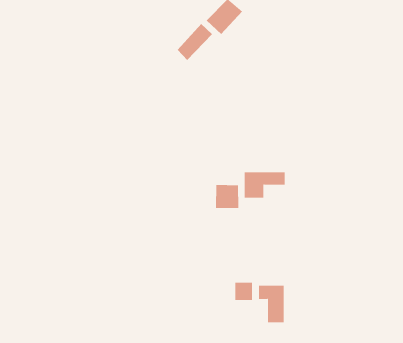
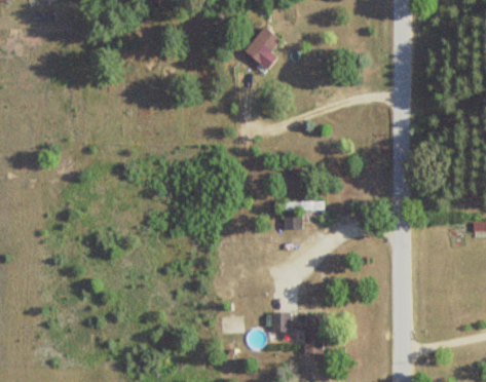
building: [177,23,213,61] -> none
building: [216,184,239,209] -> none

